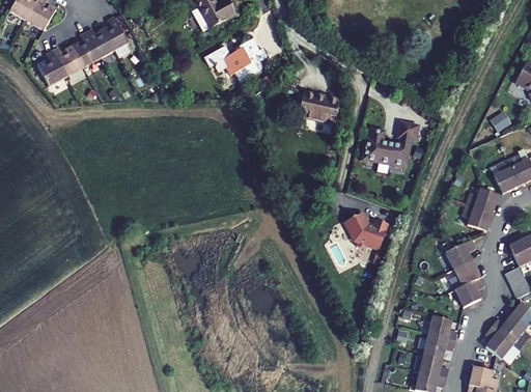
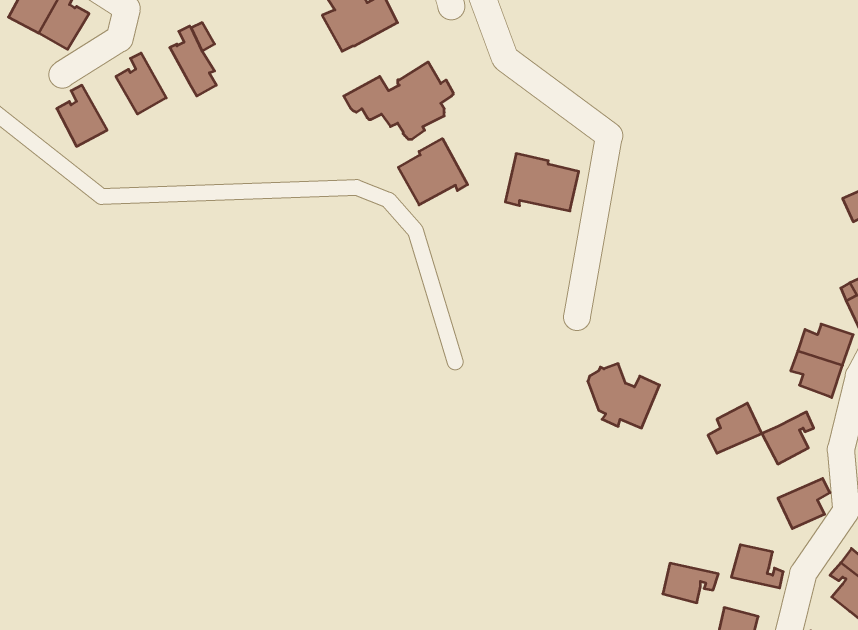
building: [86,27,114,57] -> none
building: [52,45,84,76] -> none
building: none -> [398,139,468,205]
building: [362,123,418,168] -> none
building: [449,259,480,288] -> [708,403,762,453]
building: [423,334,455,357] -> [663,563,718,603]

